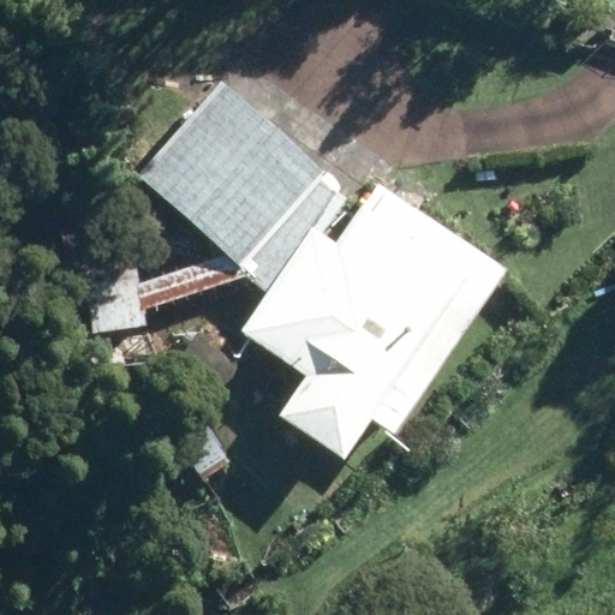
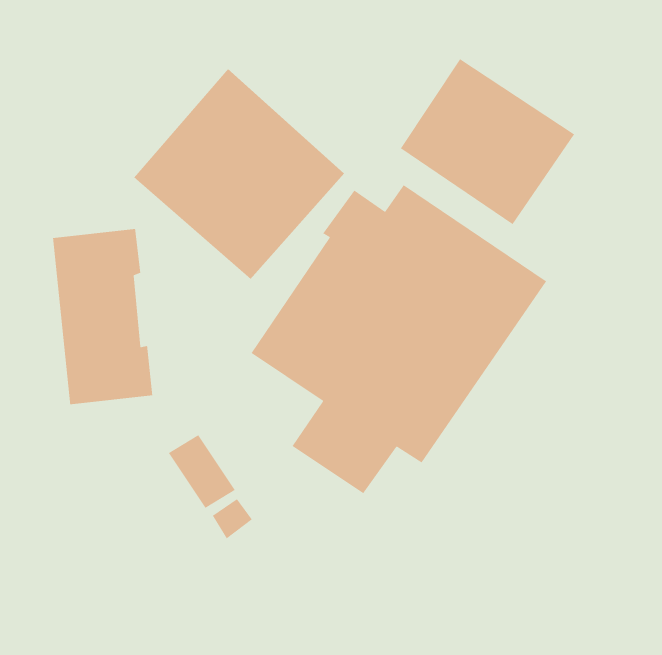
building: none -> [400,58,575,225]

